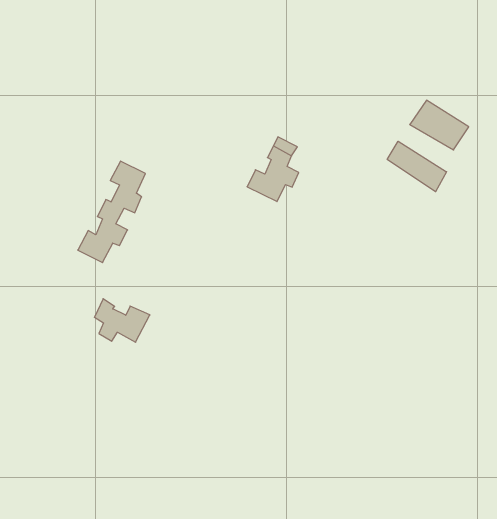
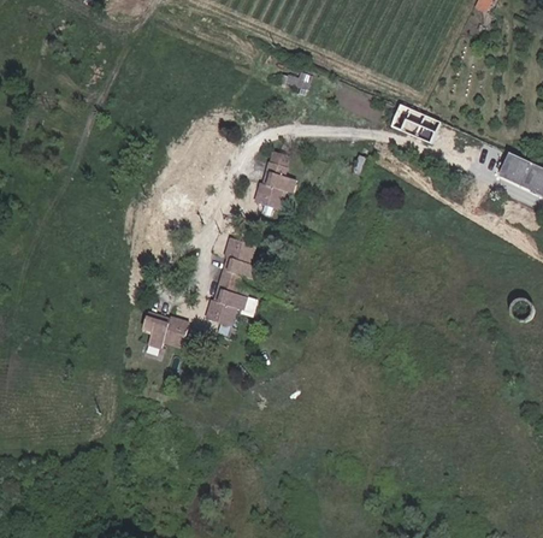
building: [387,141,447,192] -> none
building: [78,161,145,263] -> [206,237,253,326]

